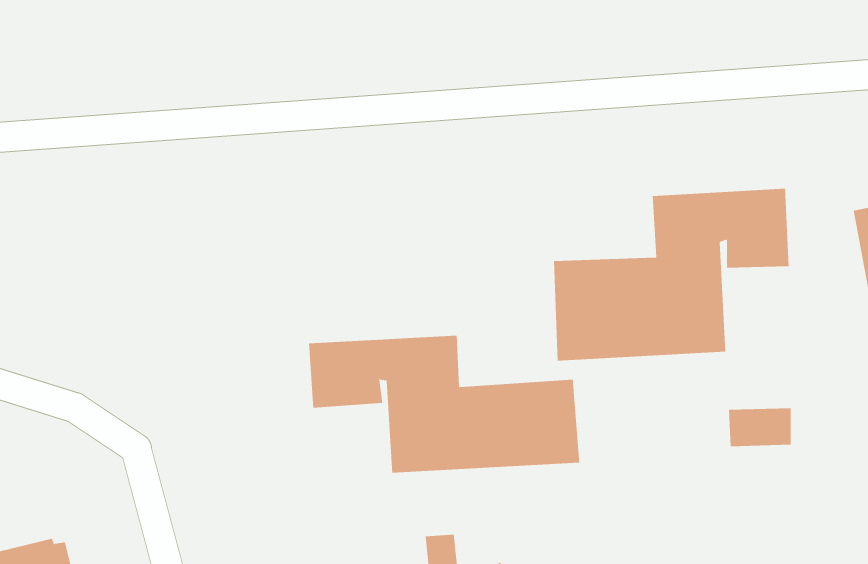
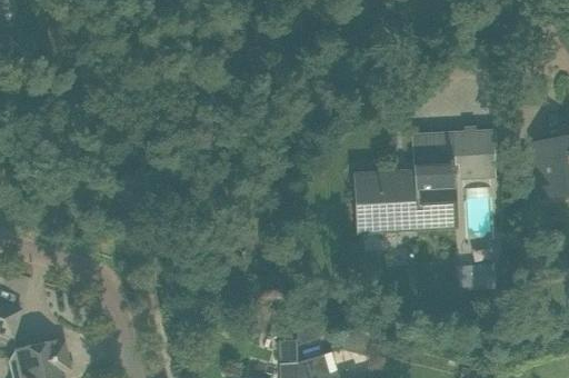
building: [308,335,580,473] -> none

